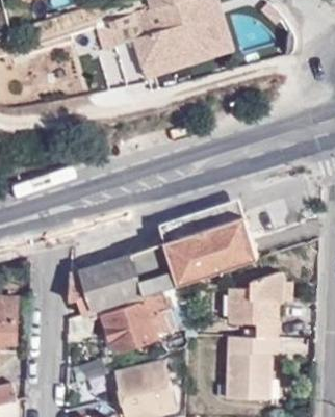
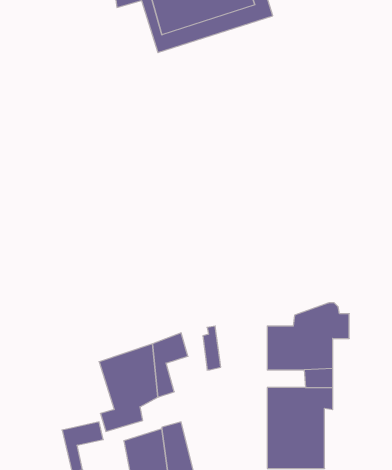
building: [66,215,255,314] -> none

